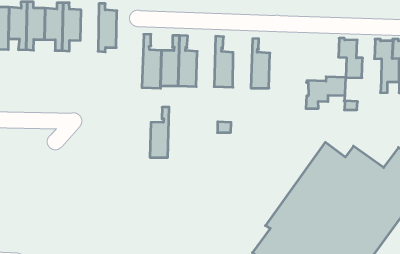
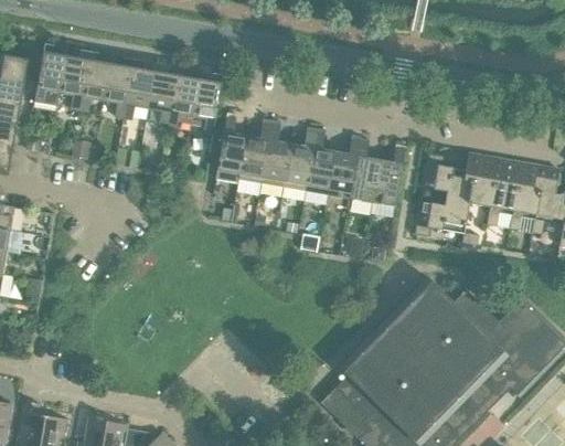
building: none -> [147,65,177,125]
building: none -> [190,73,222,134]
building: none -> [327,135,360,199]
building: none -> [484,157,515,226]
building: none -> [371,145,404,206]
building: none -> [422,153,472,203]
building: [150,107,169,157] -> [281,127,315,190]

